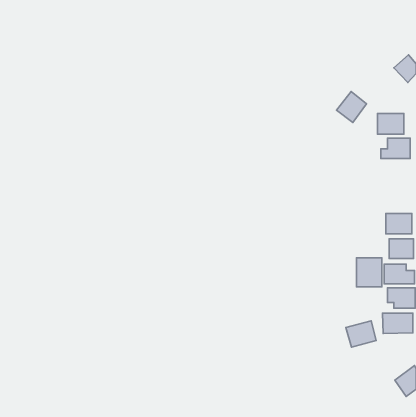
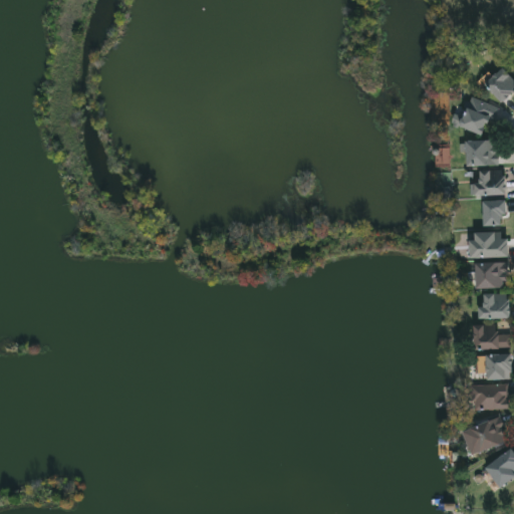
building: [336,91,367,122] -> [457,97,494,136]
building: none -> [482,201,505,227]
building: none -> [469,232,506,257]
building: [357,258,382,287] -> none
building: [346,321,376,347] -> [470,419,507,451]

